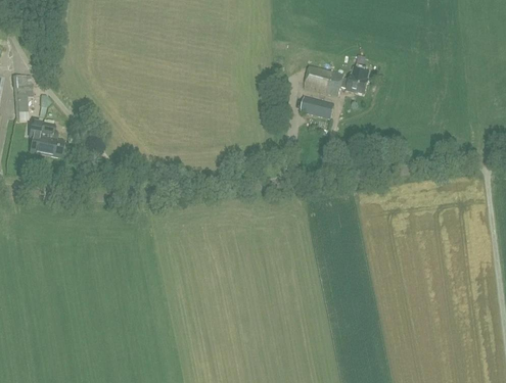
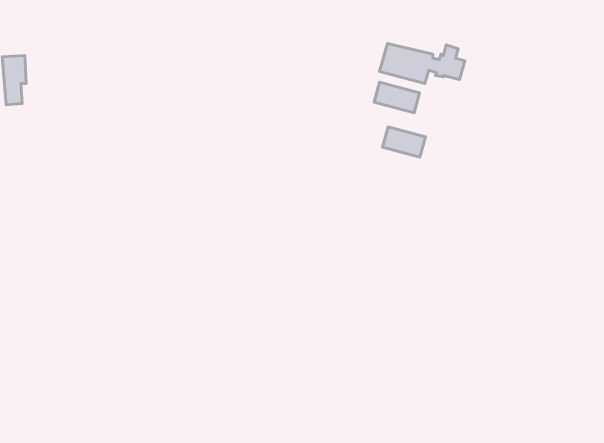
building: [28,117,62,156] -> none
building: none -> [383,127,425,157]

